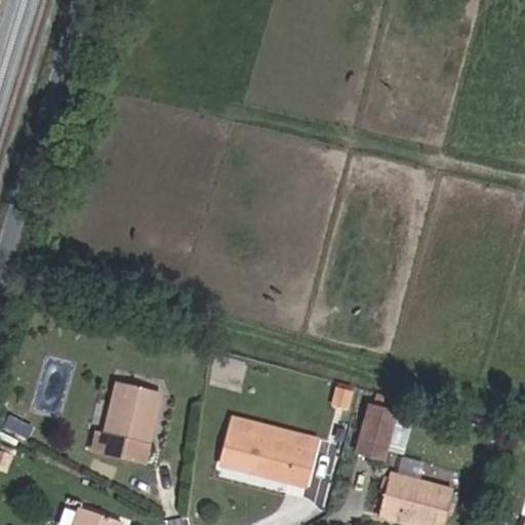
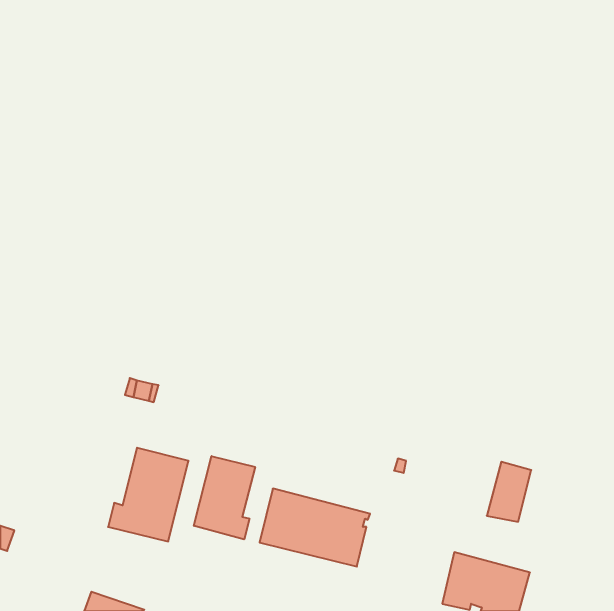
building: none -> [194,456,255,539]
building: [357,405,395,456] -> [487,462,531,522]

